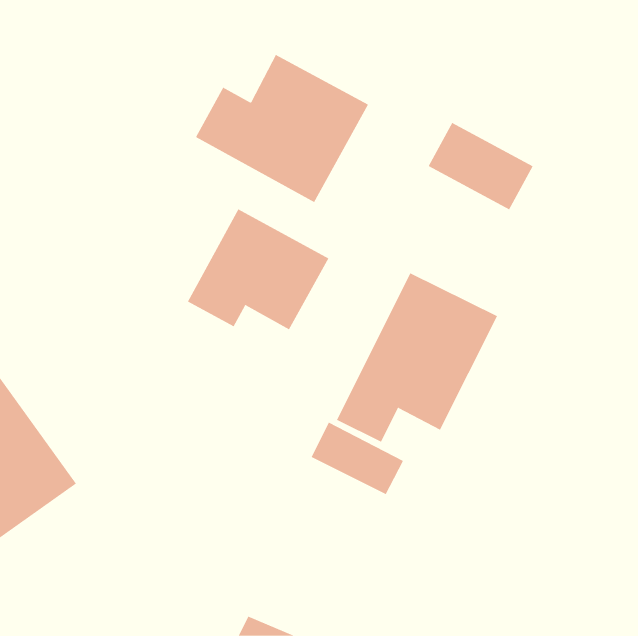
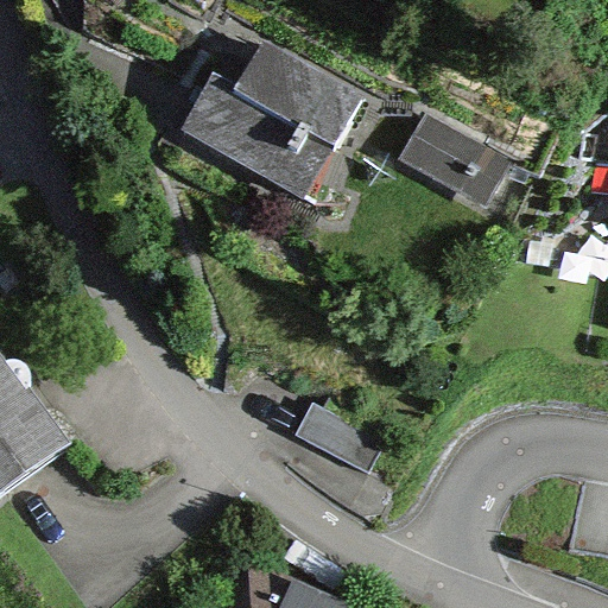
building: [187,209,329,330] -> none
building: [336,272,498,443] -> none

